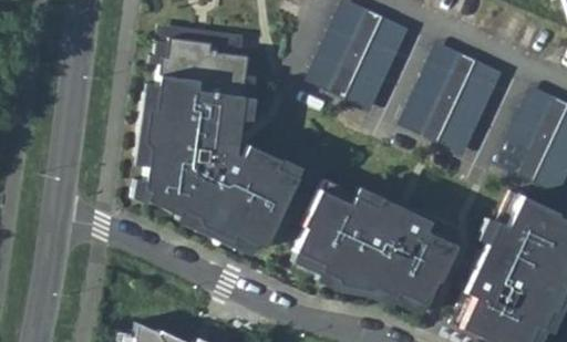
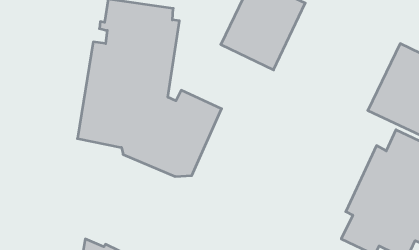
building: [400,39,506,154] -> none
building: [306,190,455,311] -> none

